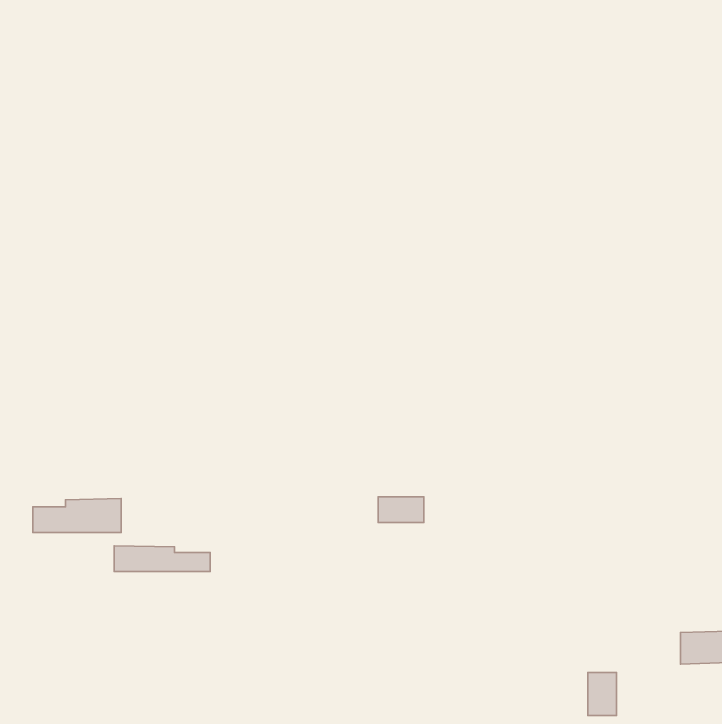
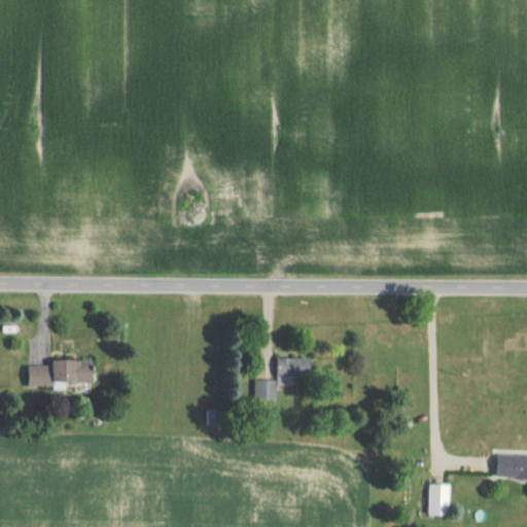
building: none -> [255,381,277,400]
building: [114,546,210,572] -> none

